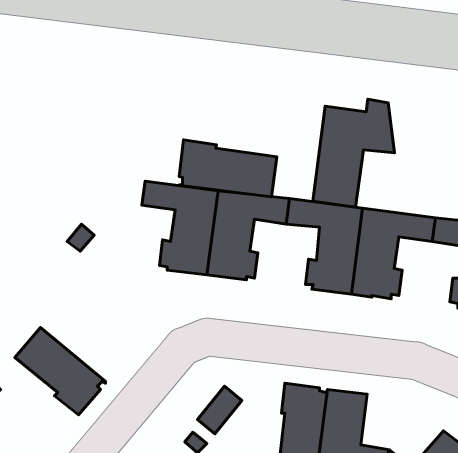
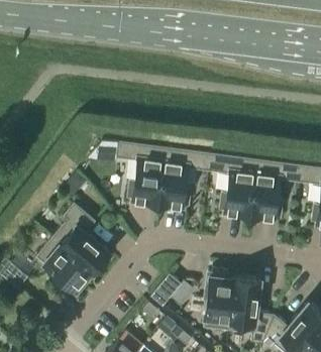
building: [313,99,394,207] -> none
building: [179,140,277,197] -> none
building: none -> [51,204,109,272]

